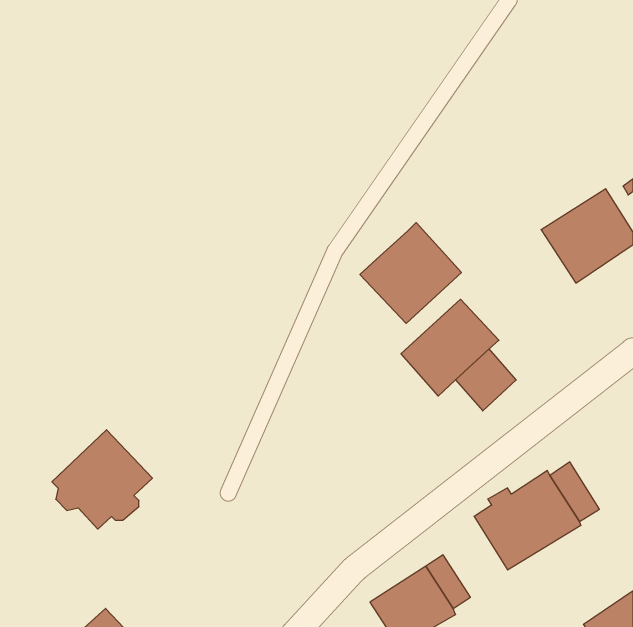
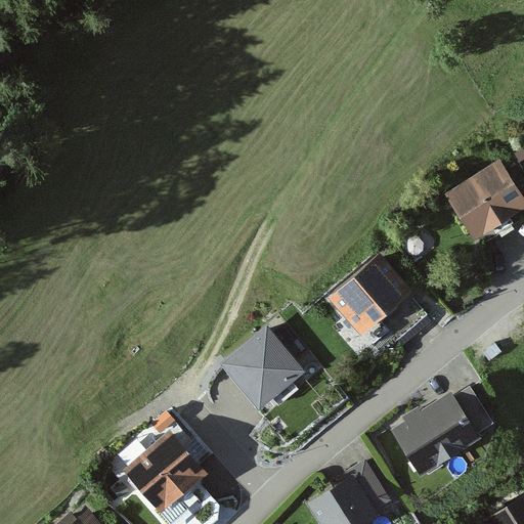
building: [360,223,461,323] -> none
building: none -> [221,326,305,409]
building: [52,430,152,529] -> [124,428,207,510]

